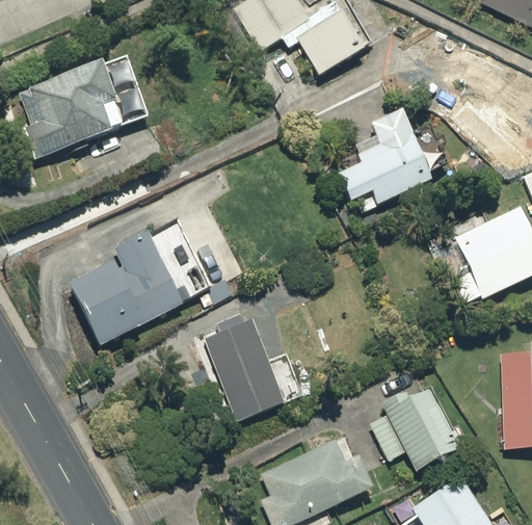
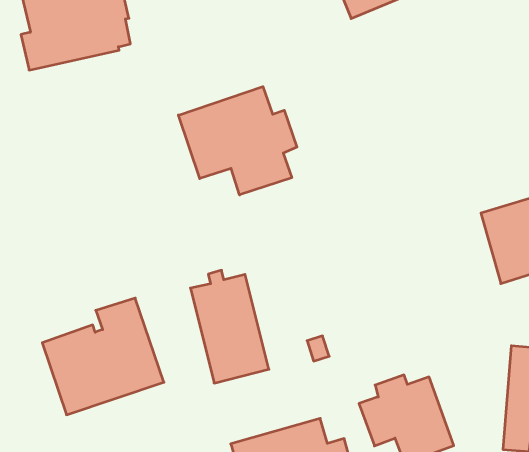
building: [341,109,433,204] -> none
building: none -> [178,87,297,195]
building: [70,231,184,344] -> [42,298,164,415]

